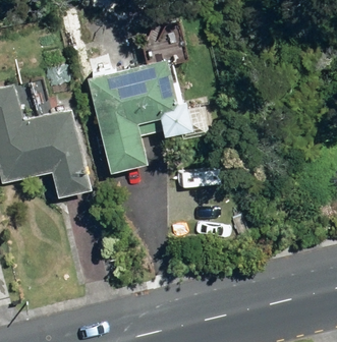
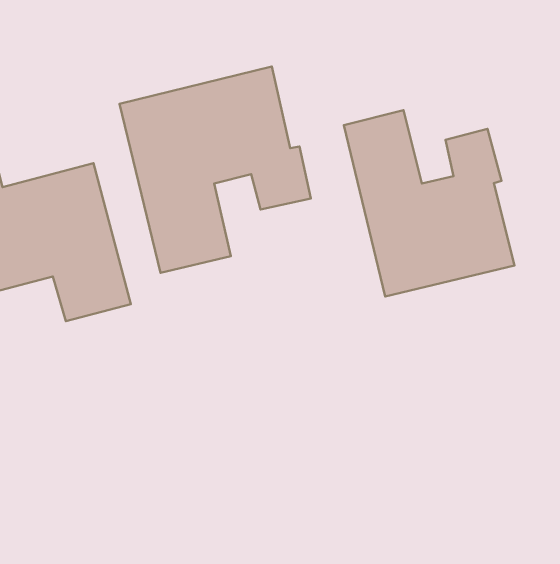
building: none -> [344,110,515,297]

